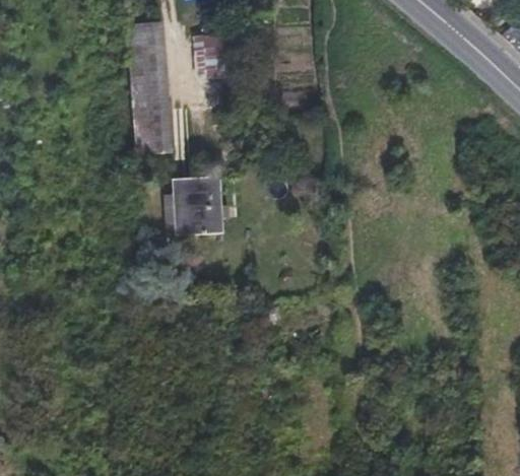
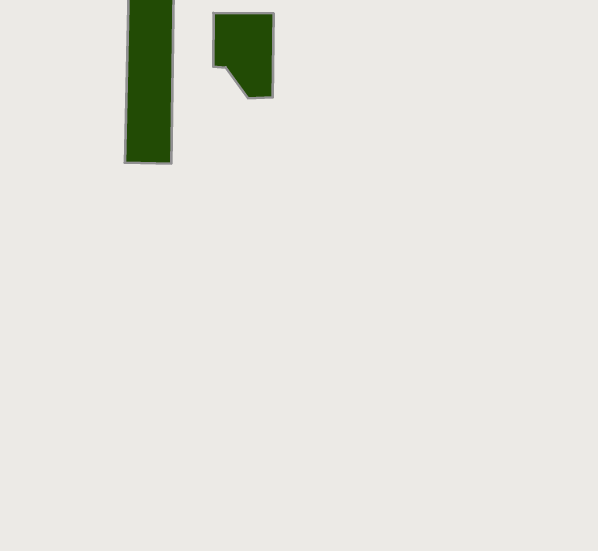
building: [172,175,224,235] -> none

